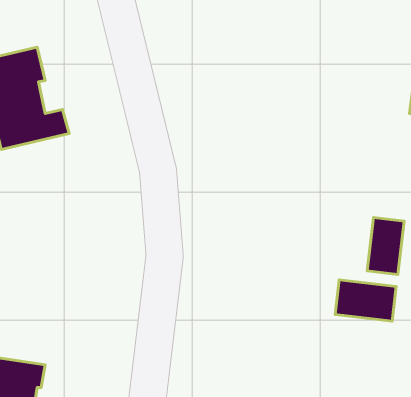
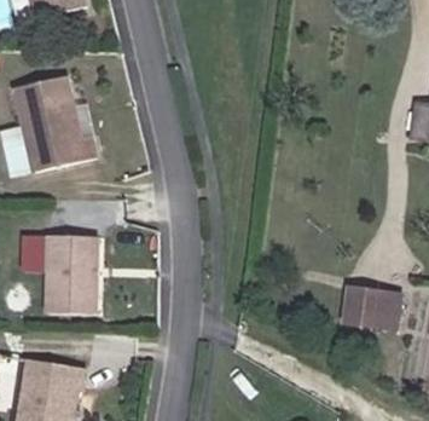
building: none -> [45,230,99,312]
building: [367,218,404,274] -> none

